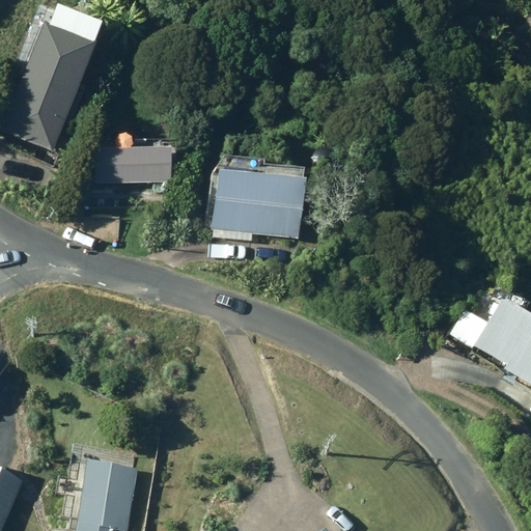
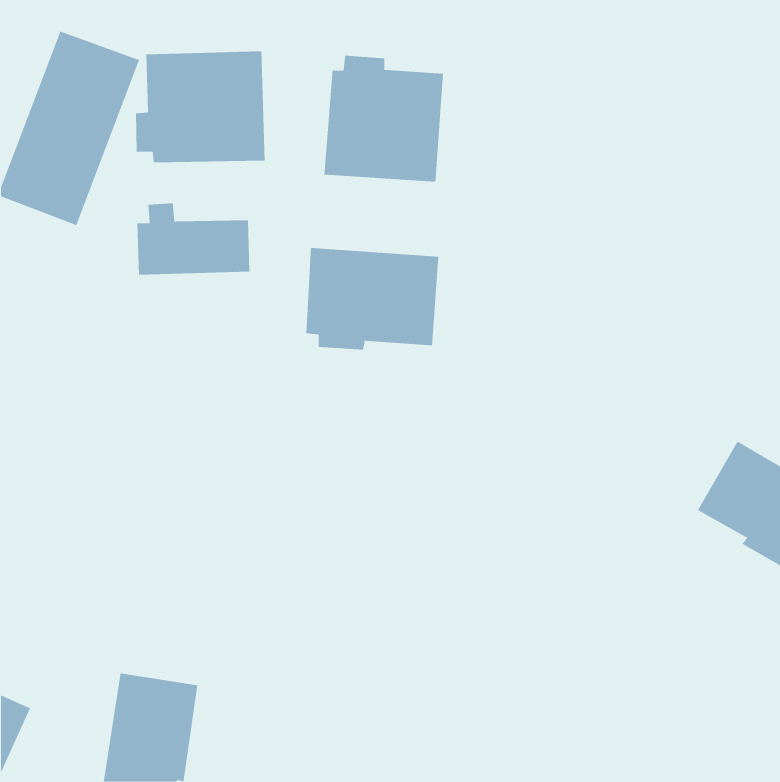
building: none -> [135,51,265,163]
building: none -> [324,55,444,183]

